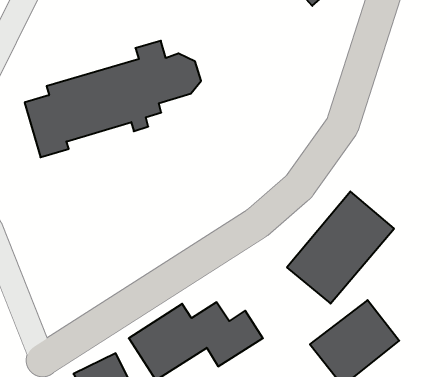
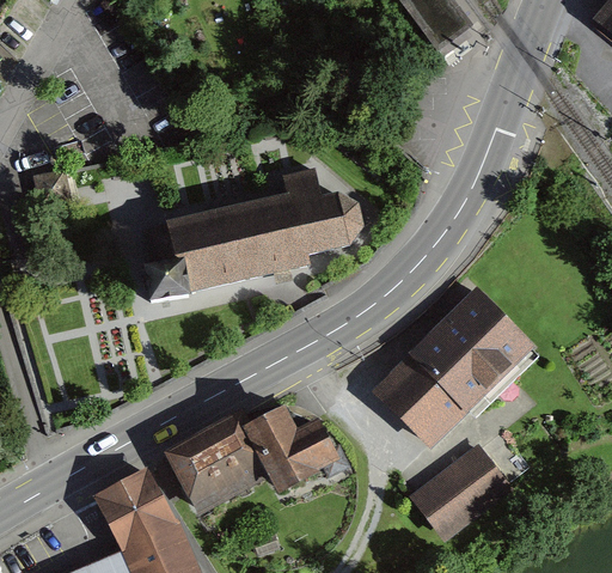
building: [25,41,201,157] -> [141,163,369,301]

